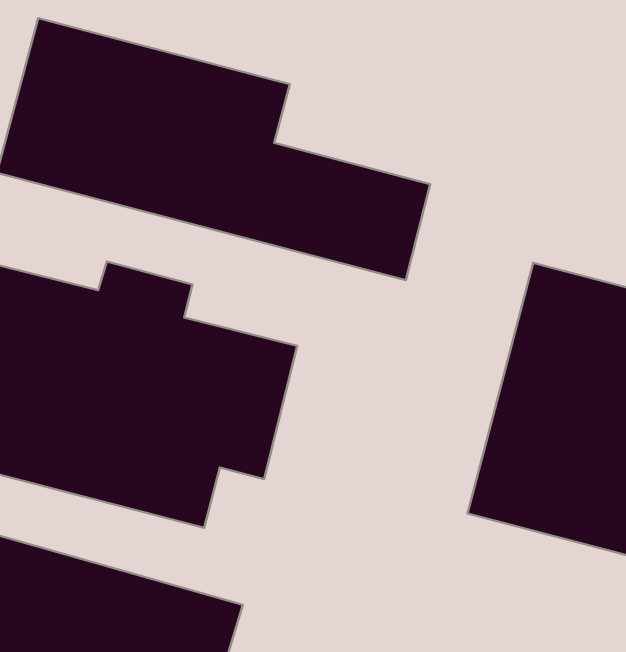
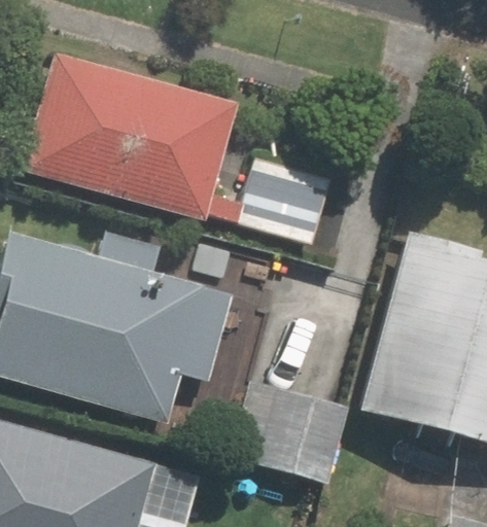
building: none -> [220,380,345,486]

